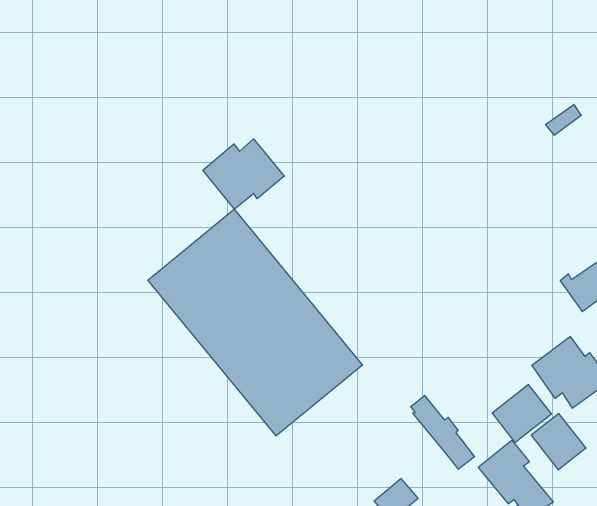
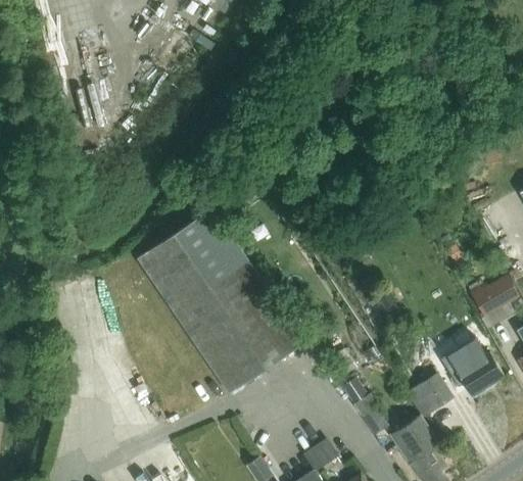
building: [203,139,284,209] -> none
building: [531,413,586,470] -> none

